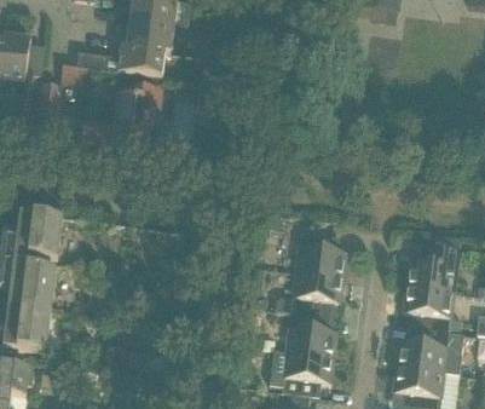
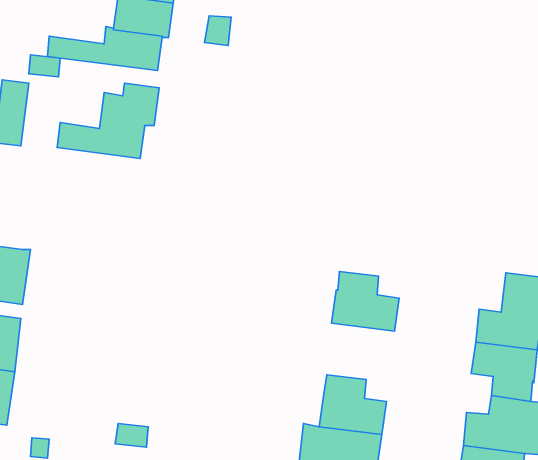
building: [275,270,343,313] -> none

